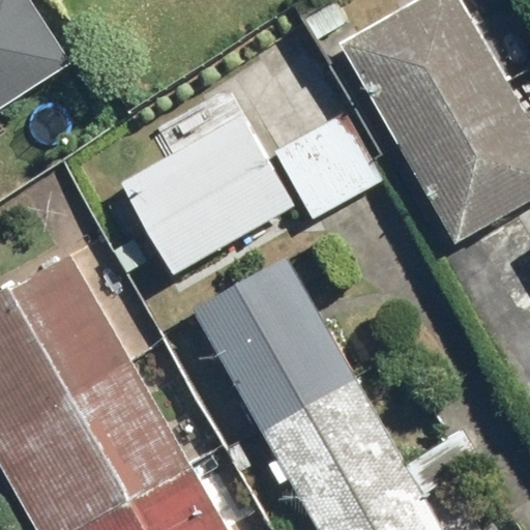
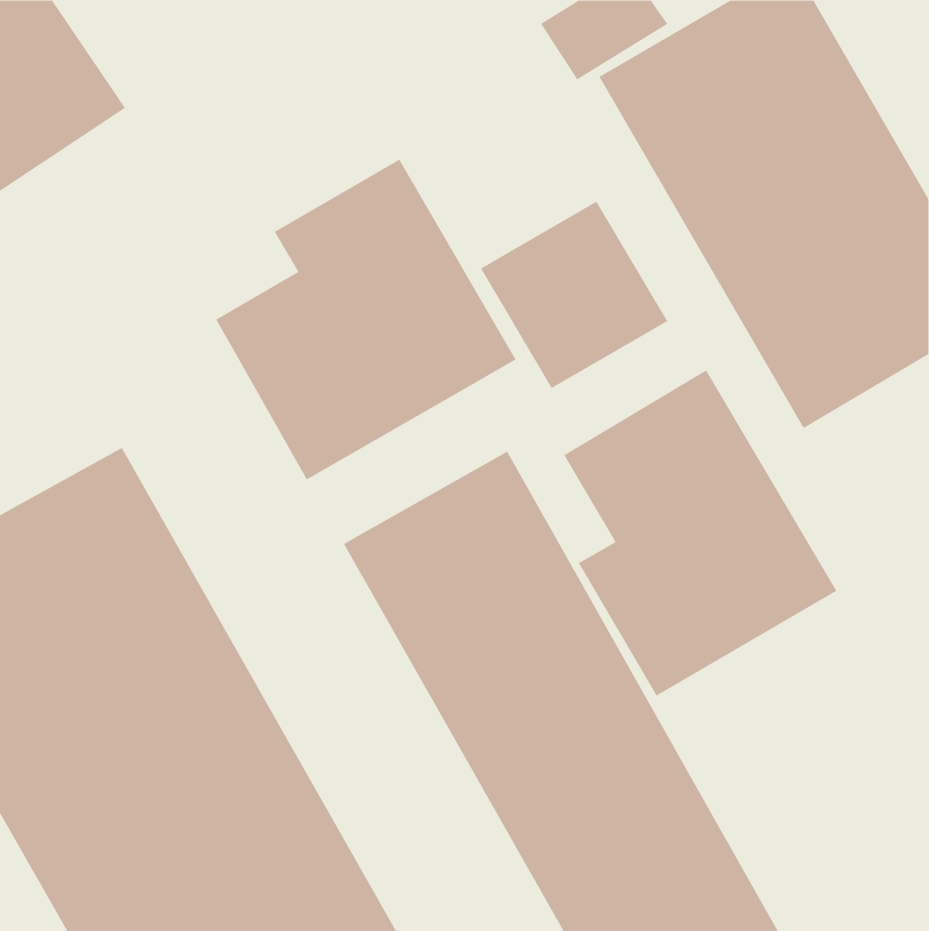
building: none -> [564,370,837,696]

